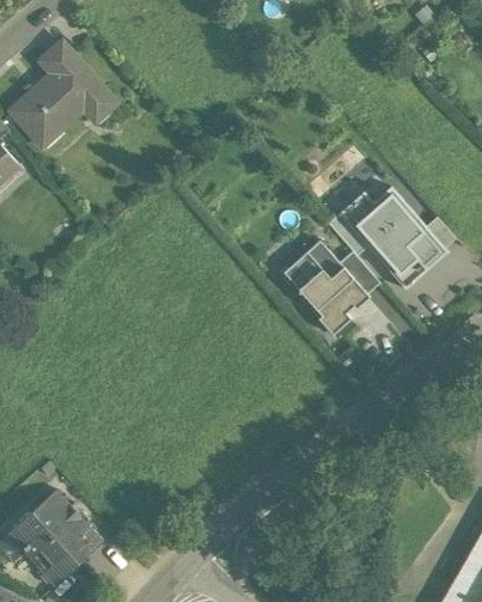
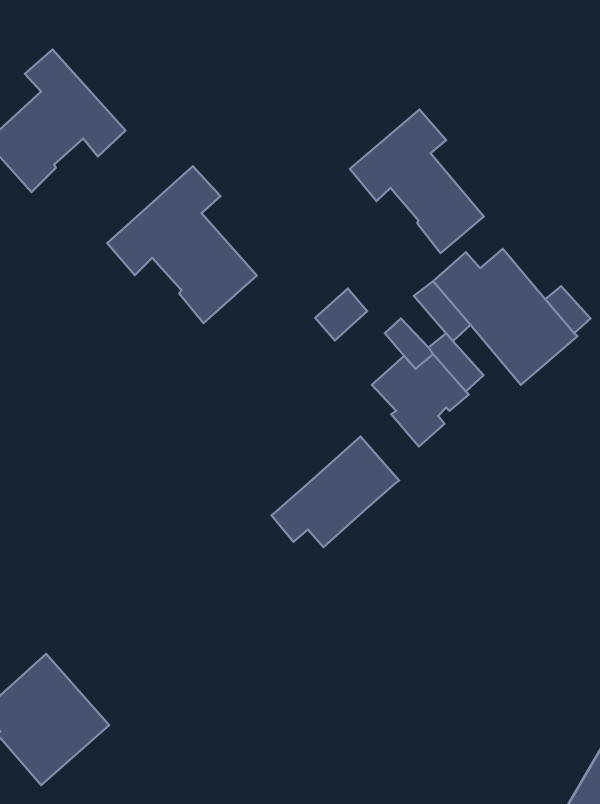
building: none -> [350,110,484,253]
building: none -> [107,166,257,323]
building: [282,251,321,290] -> [315,289,367,340]
building: none -> [272,437,399,547]

